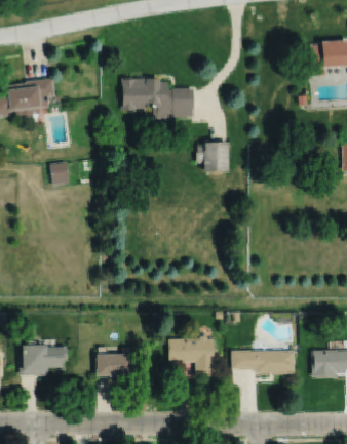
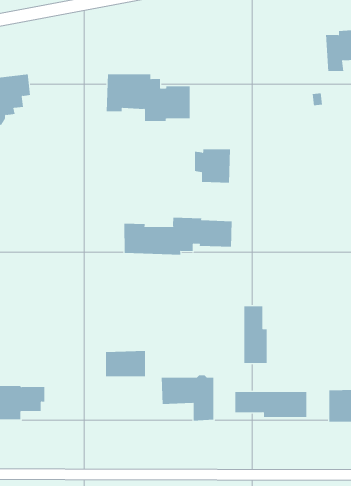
building: [50,162,71,186] -> none
building: none -> [124,217,232,255]
building: none -> [244,306,267,364]
building: [98,355,132,377] -> [105,351,146,377]

